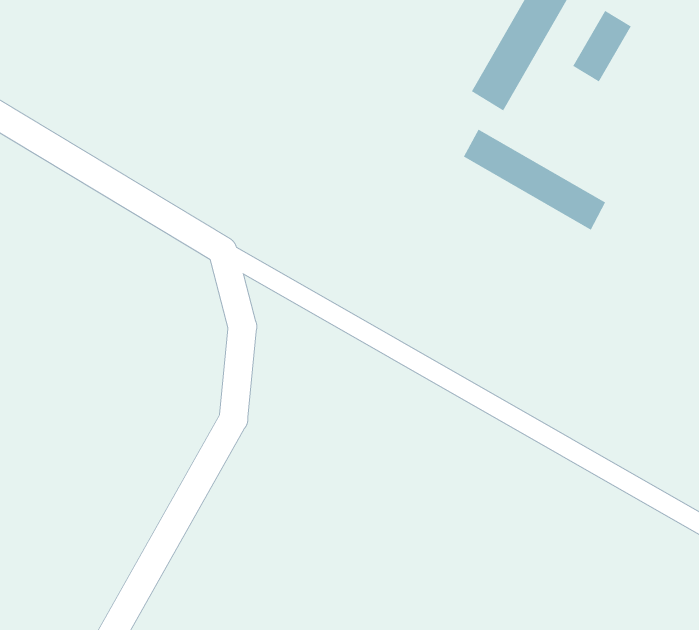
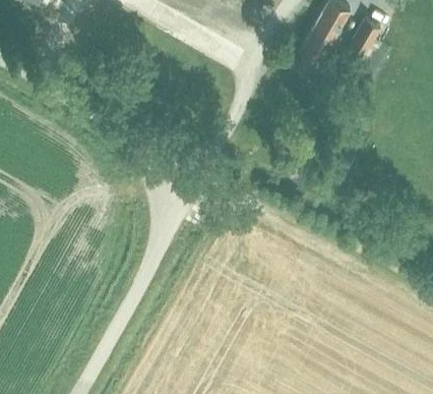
building: [463,128,606,231] -> none

